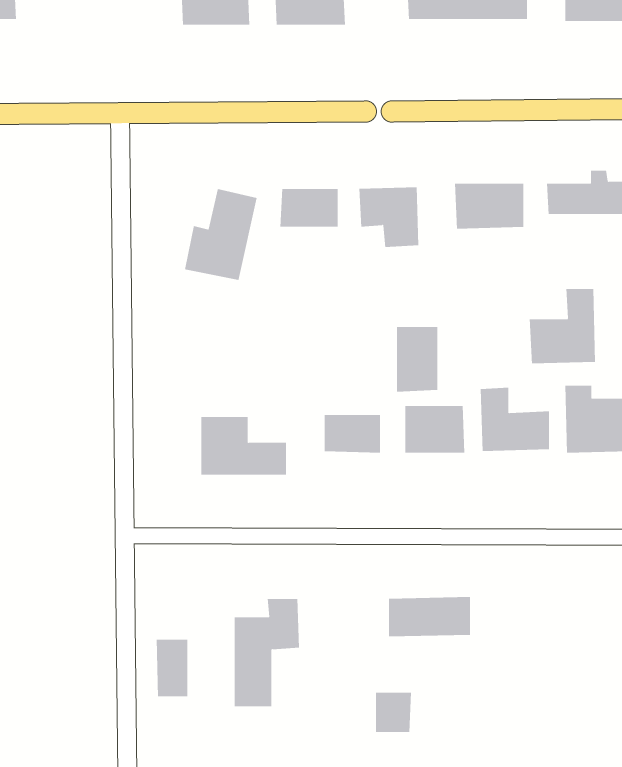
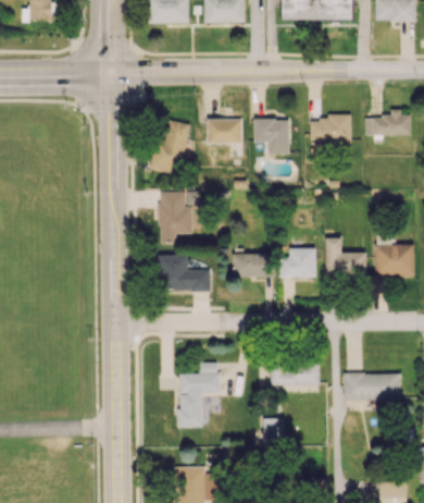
building: [529,288,596,364] -> none
building: none -> [160,191,192,243]
building: [397,326,438,392] -> none
building: none -> [344,372,400,401]
building: [156,639,188,697] -> none

